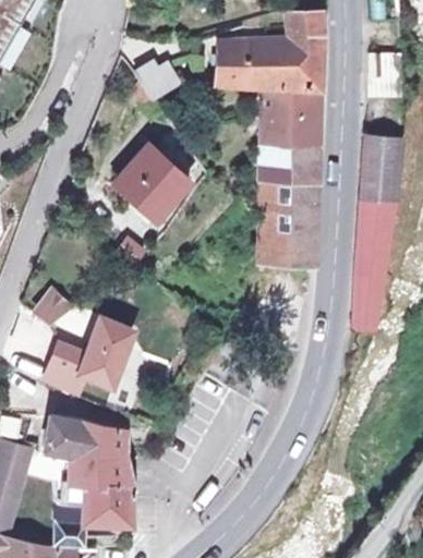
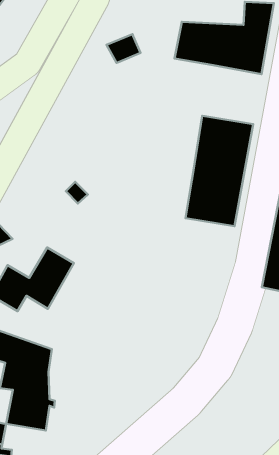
building: [259,84,316,144] -> none
building: [114,145,190,215] -> none

